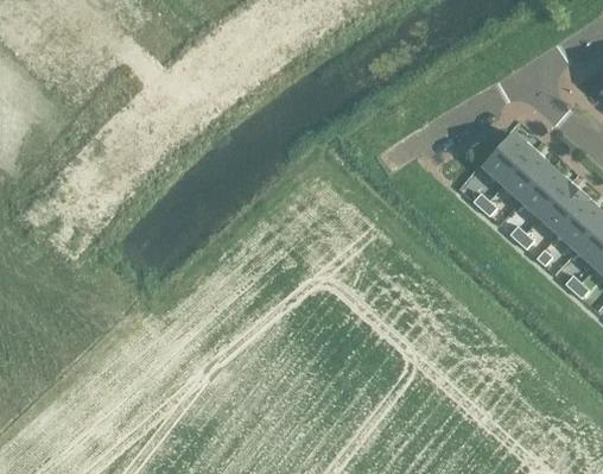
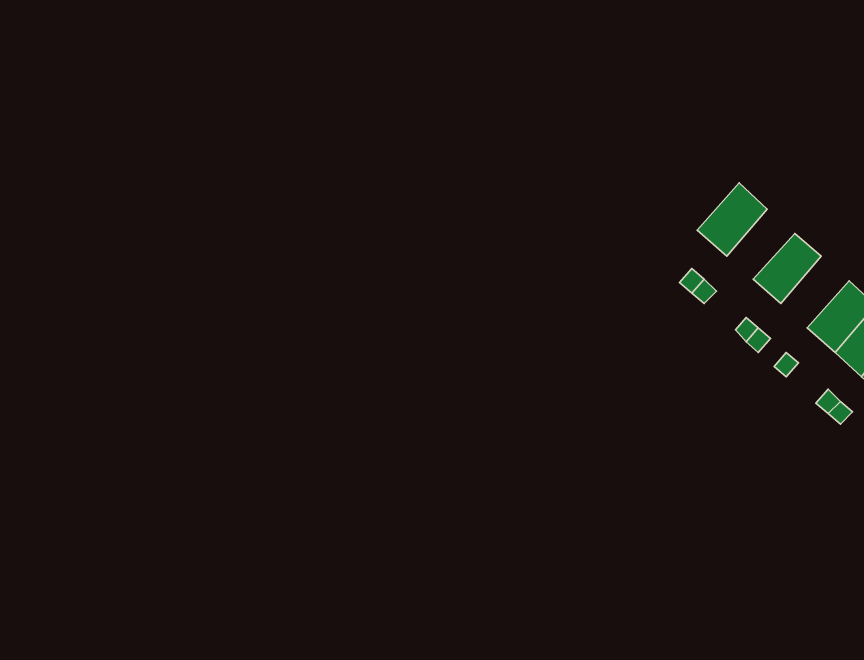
building: [504,152,551,200] -> none
building: [541,184,588,233] -> none

